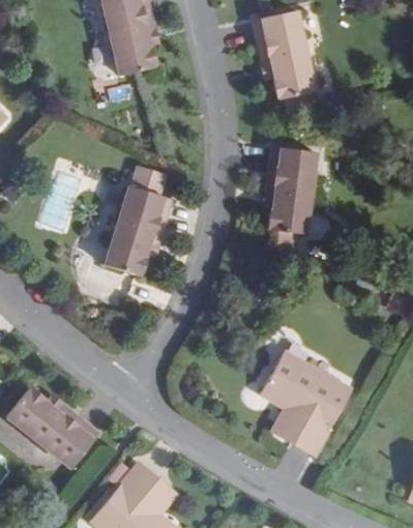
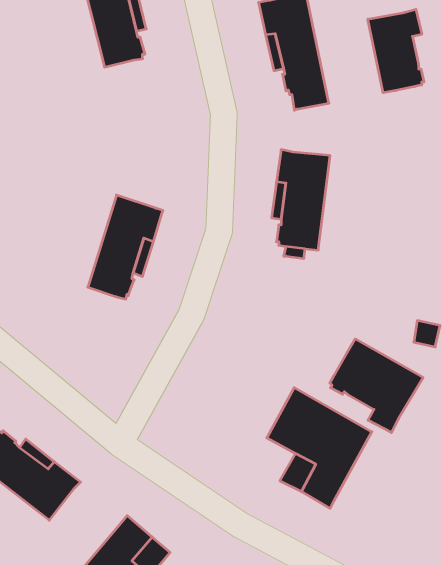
building: none -> [368,9,424,93]
building: none -> [330,339,423,433]

